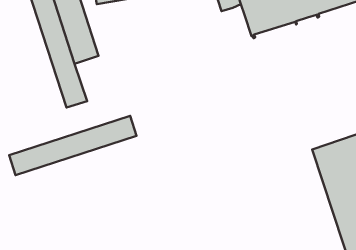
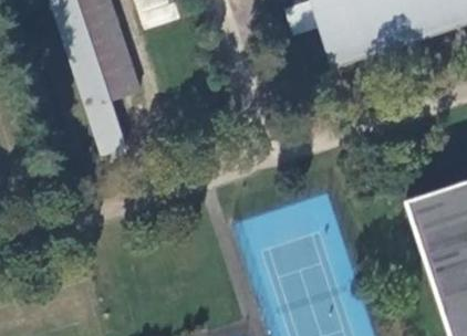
building: [9,116,137,175] -> none

